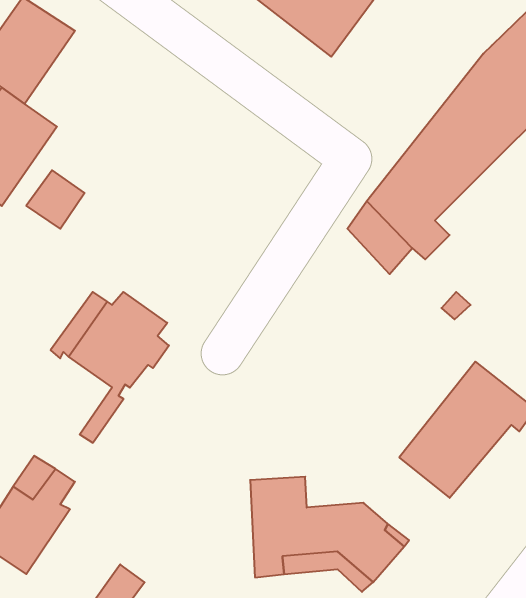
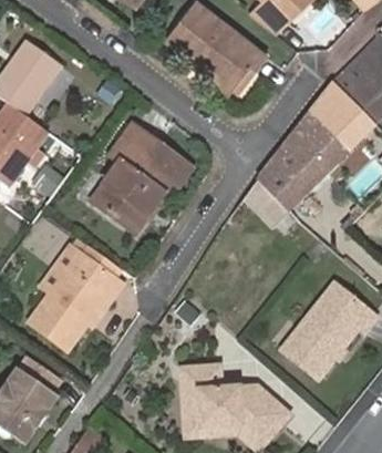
building: none -> [93,120,192,227]
building: none -> [31,287,84,340]

